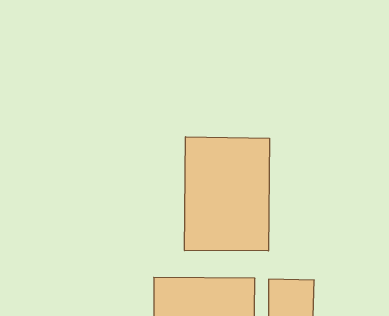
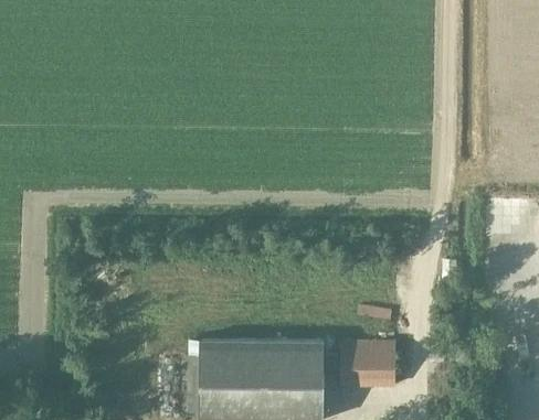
building: [185,137,269,251] -> none

